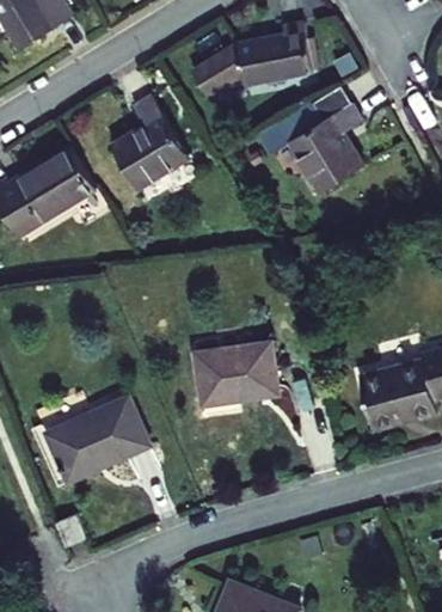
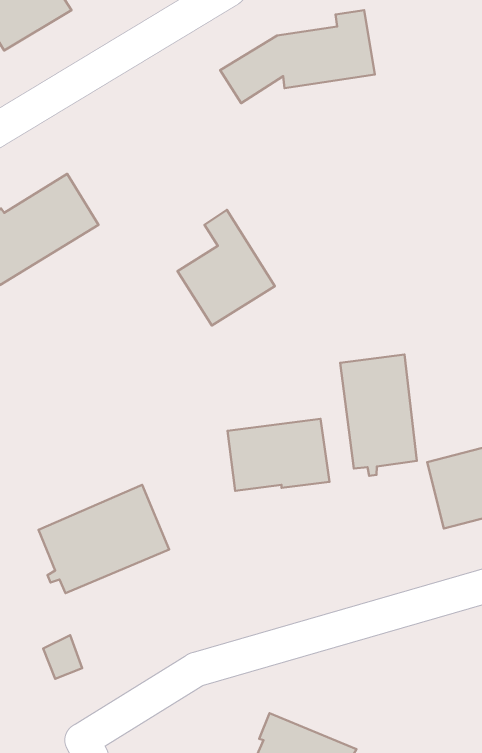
building: [258,85,364,196] -> none
building: [109,93,186,185] -> [177,210,275,325]
building: none -> [340,355,417,476]

